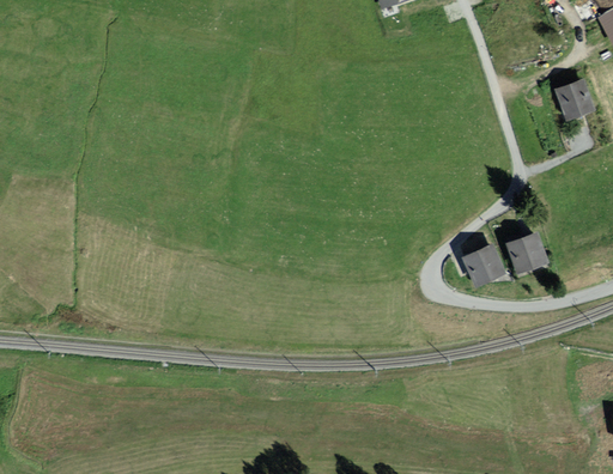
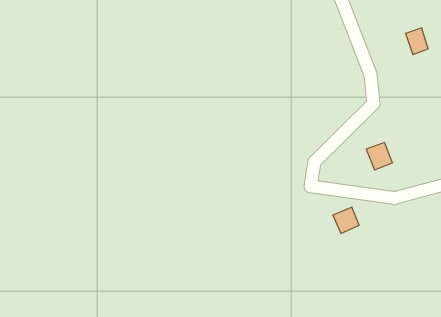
building: [467,248,502,282] -> [333,207,359,233]

